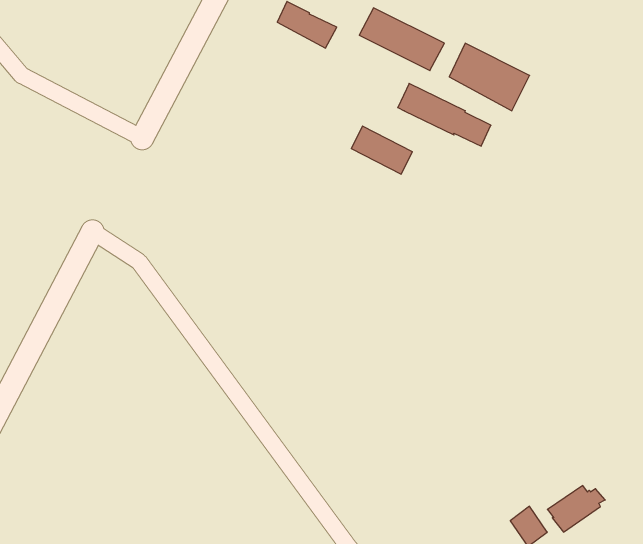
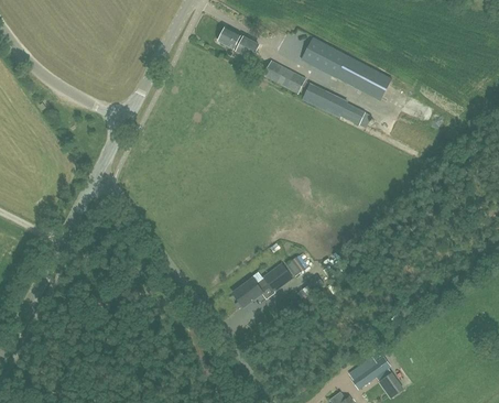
building: [351,126,412,174] -> [264,59,306,92]
building: none -> [234,262,292,306]
building: [547,486,605,532] -> [348,356,388,388]

